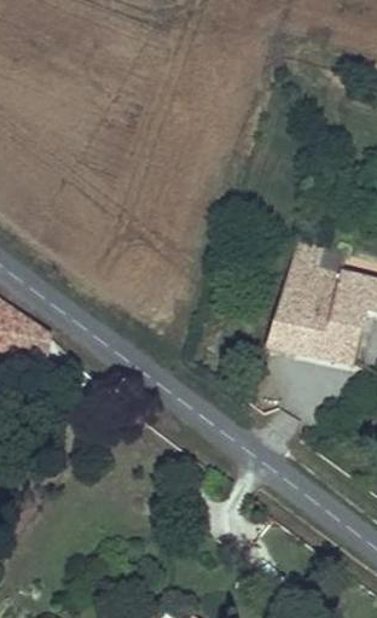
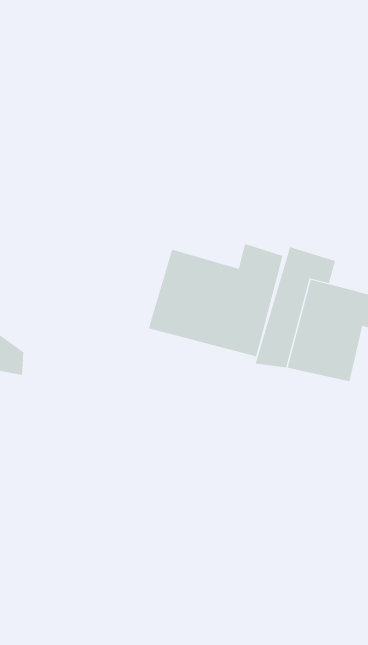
building: none -> [148,243,283,357]

